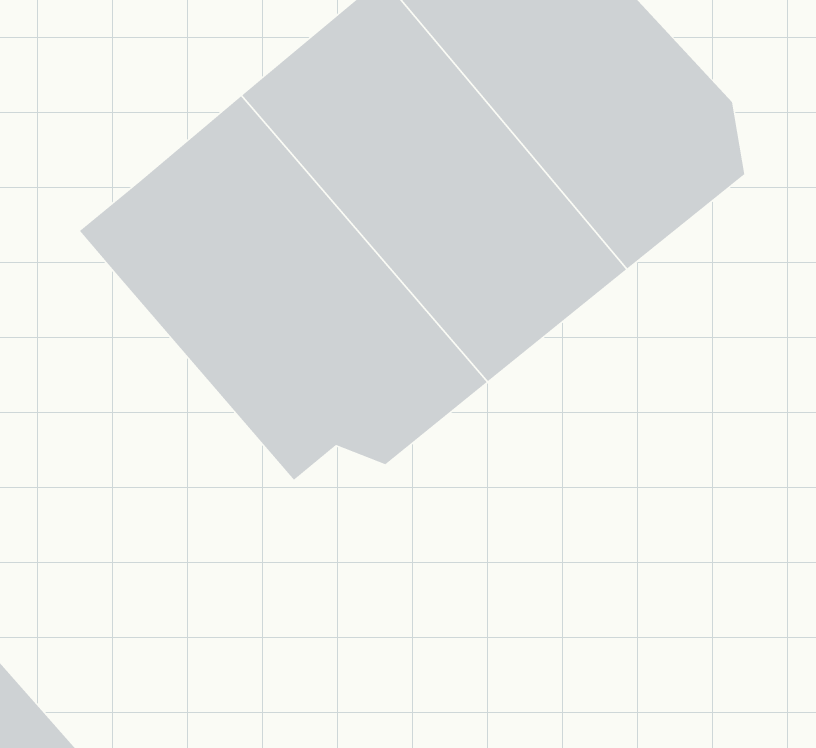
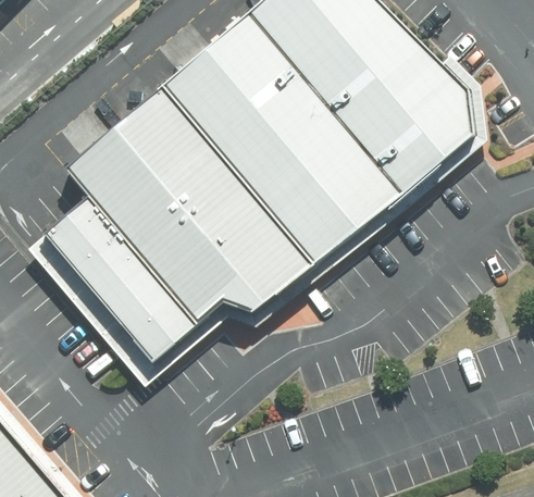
building: none -> [29,201,193,376]

